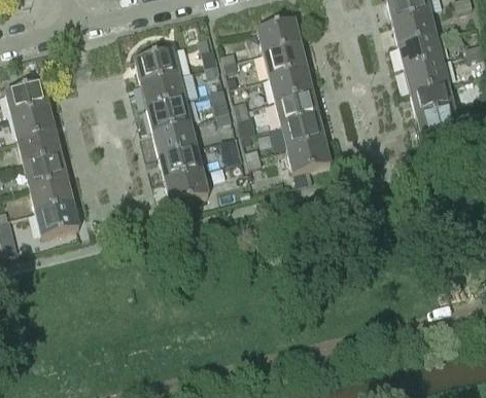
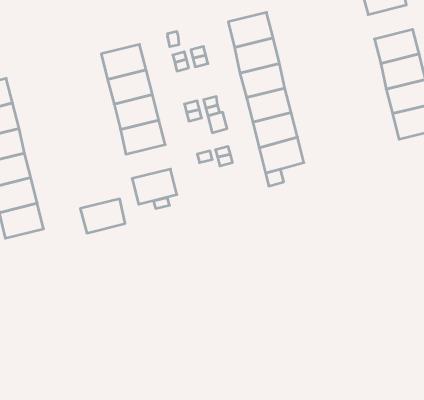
building: [392,10,436,43] -> none
building: [159,145,202,178] -> [80,199,125,233]

